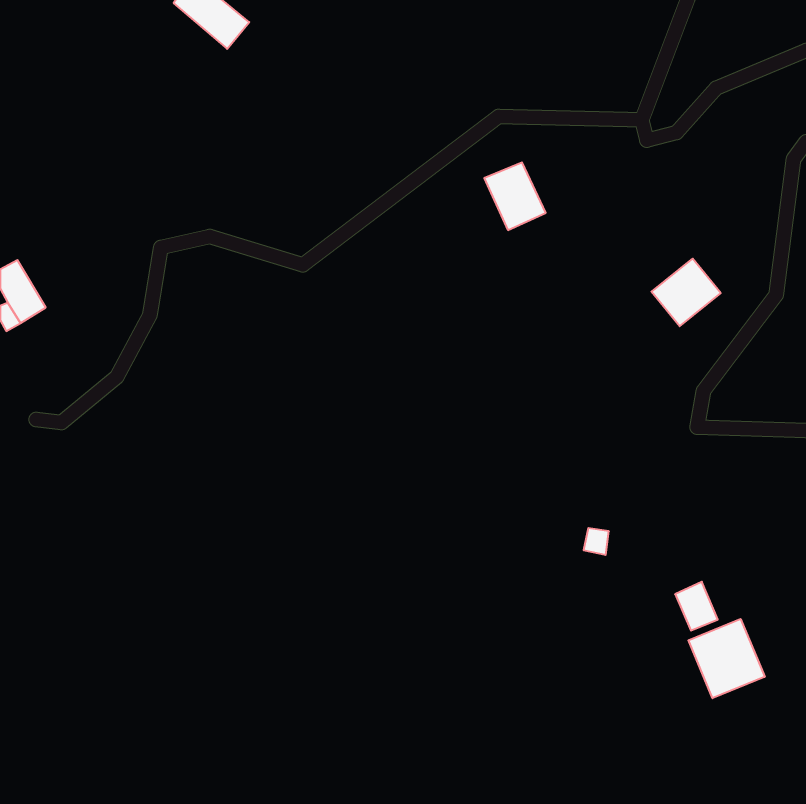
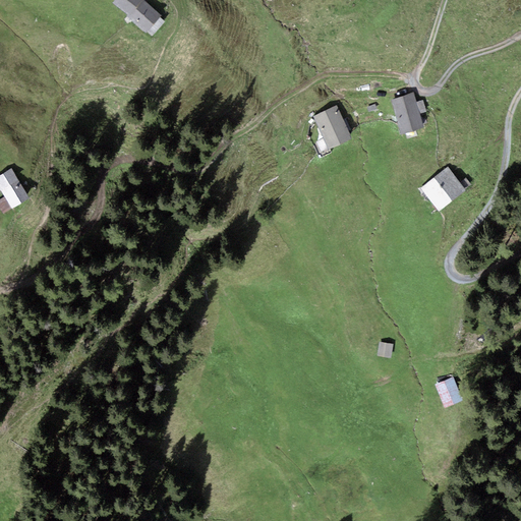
building: none -> [391,92,426,134]
building: [688,619,765,698] -> none

